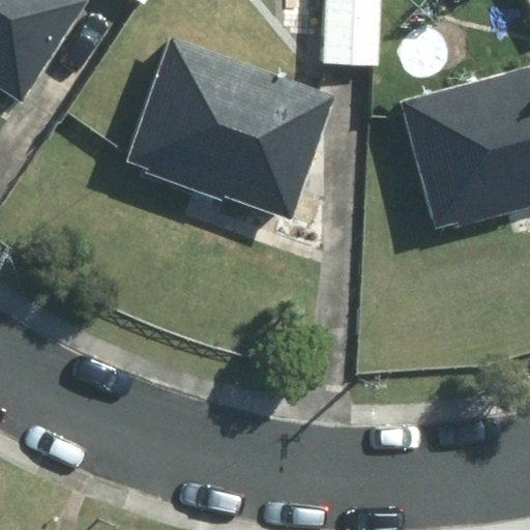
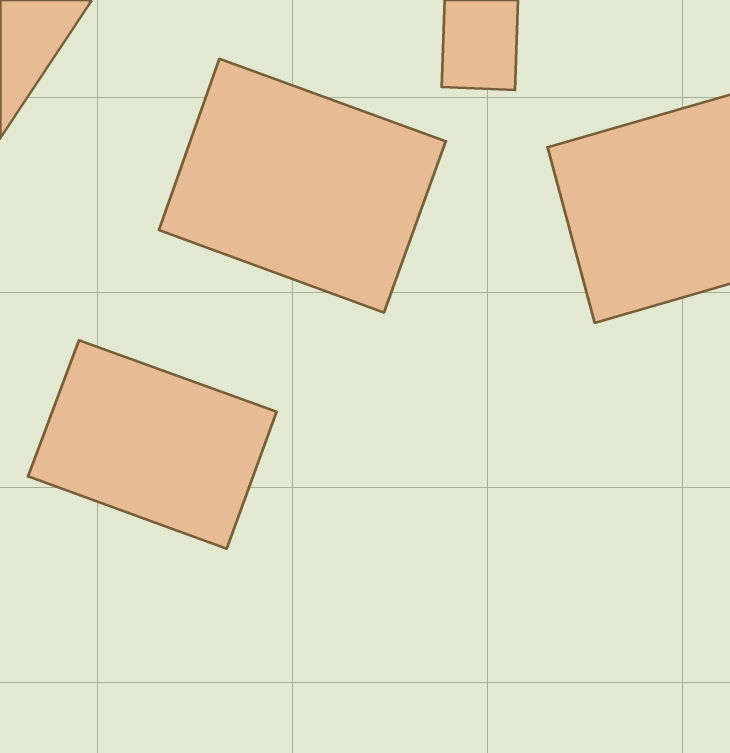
building: none -> [28,340,276,549]

